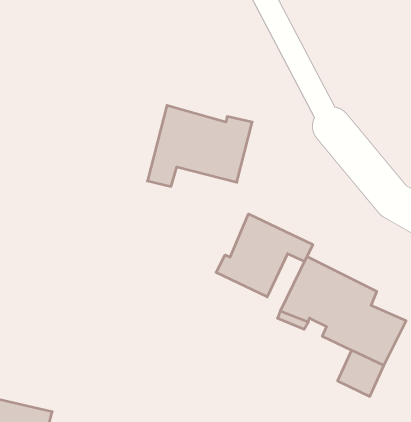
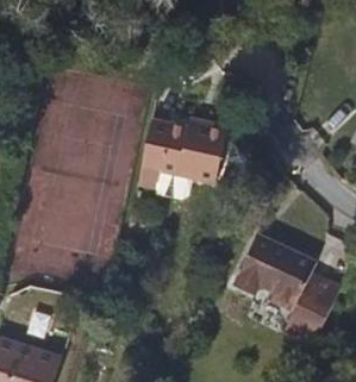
building: [216,214,313,297] -> none

